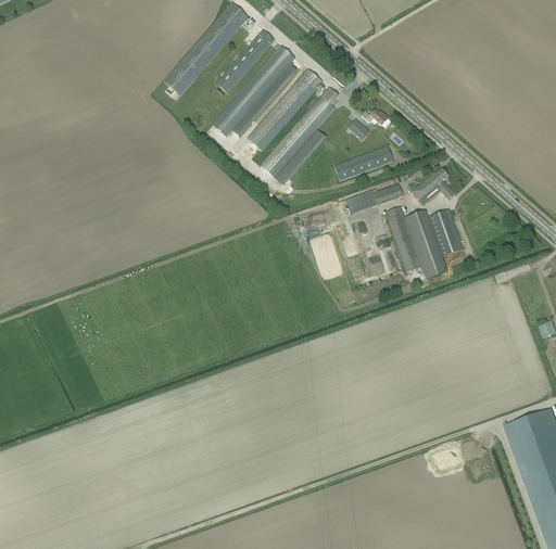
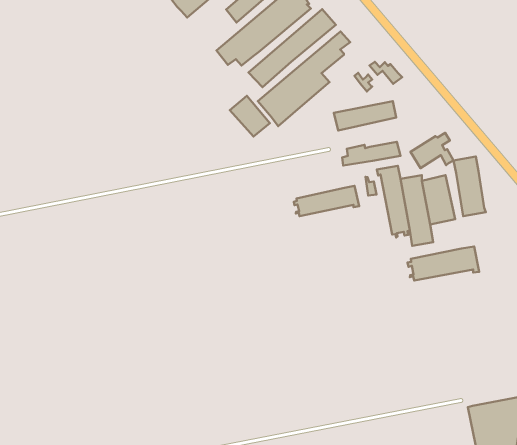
building: none -> [230,96,270,136]
building: none -> [454,157,486,216]
building: none -> [294,186,359,216]
building: none -> [408,246,479,281]

